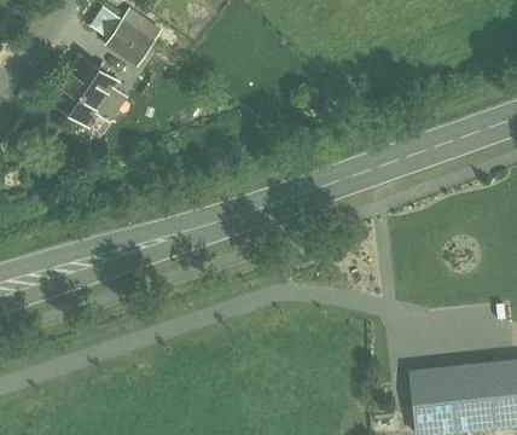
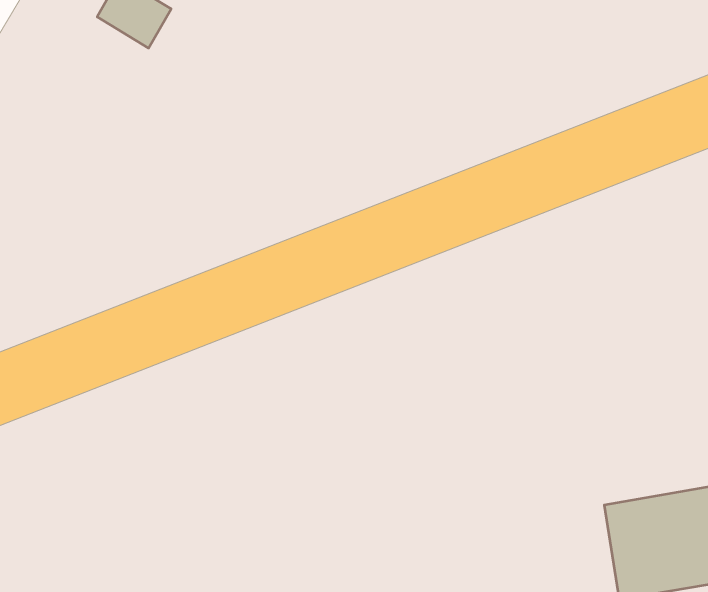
building: [54,58,117,126] -> none

